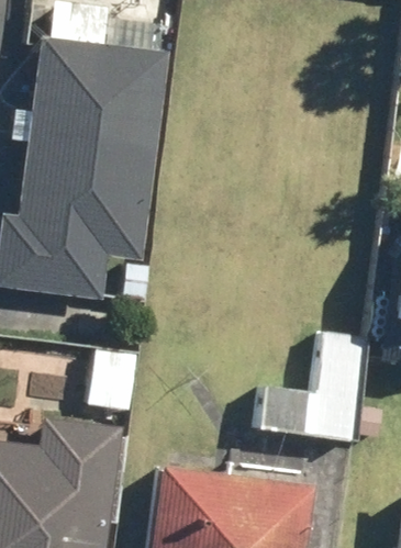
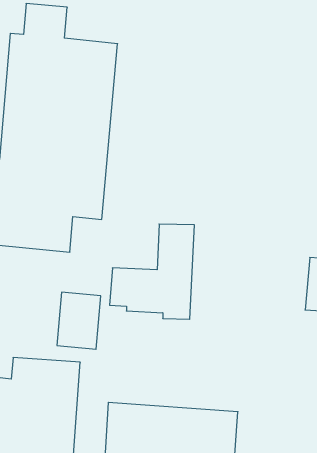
building: [265,336,365,448] -> [110,224,194,319]

